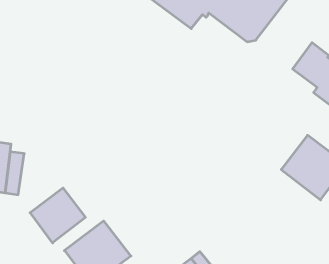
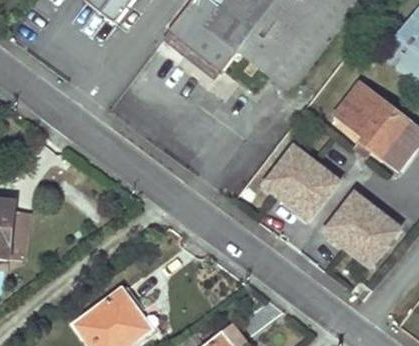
building: none -> [262,145,337,218]
building: [30,188,85,243] -> none

